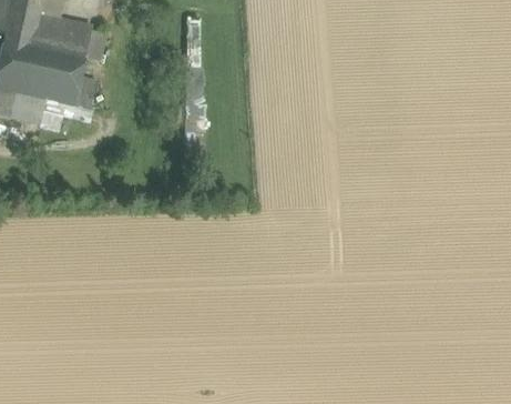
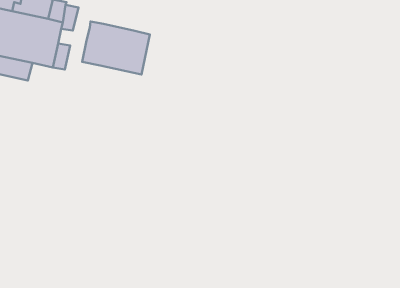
building: none -> [82,22,150,75]

